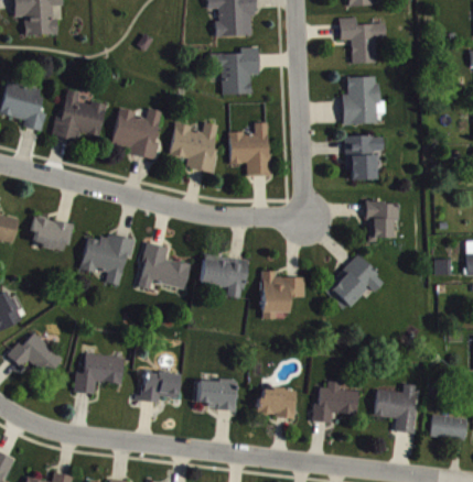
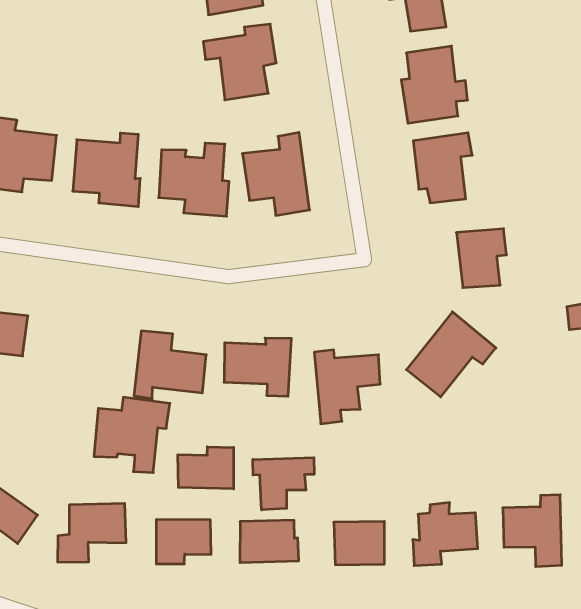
building: [79,232,135,285] -> [94,397,170,473]
building: none -> [178,447,234,489]
building: none -> [253,458,314,510]

